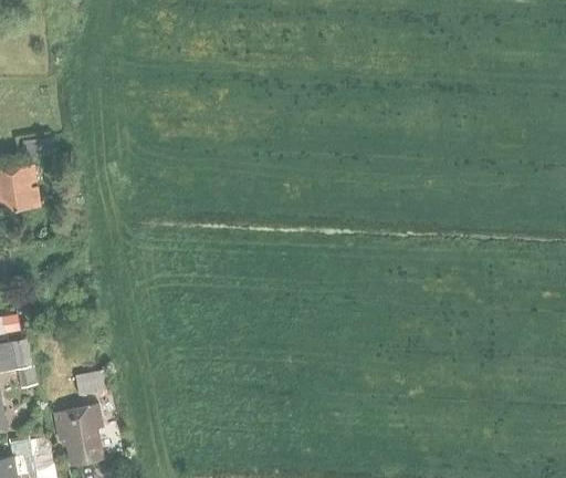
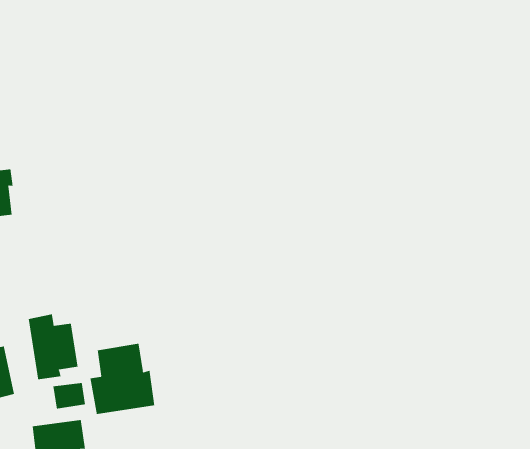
building: none -> [28,314,78,380]
building: none -> [90,343,155,415]

